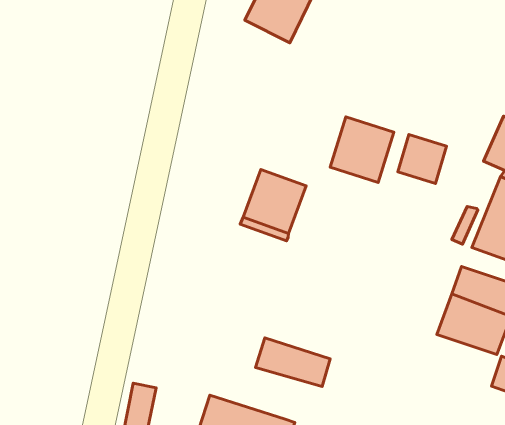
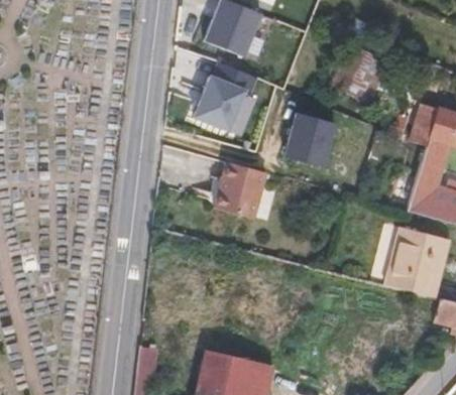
building: none -> [195,60,259,132]
building: [398,134,447,183] -> none
building: [255,338,330,386] -> none

